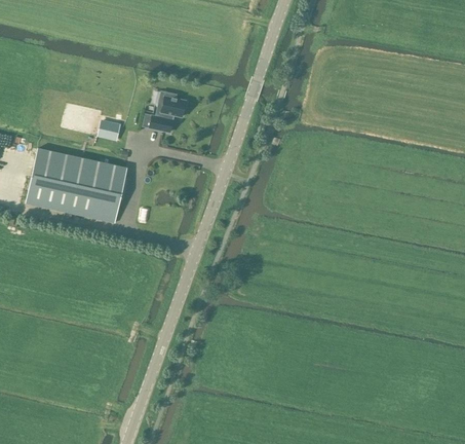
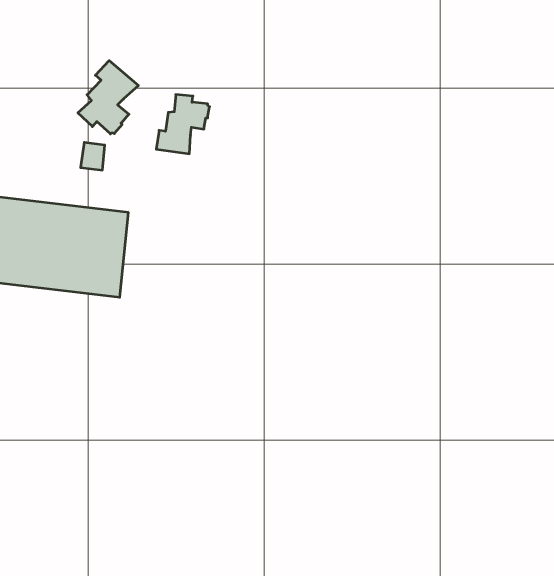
building: none -> [78,61,138,134]

